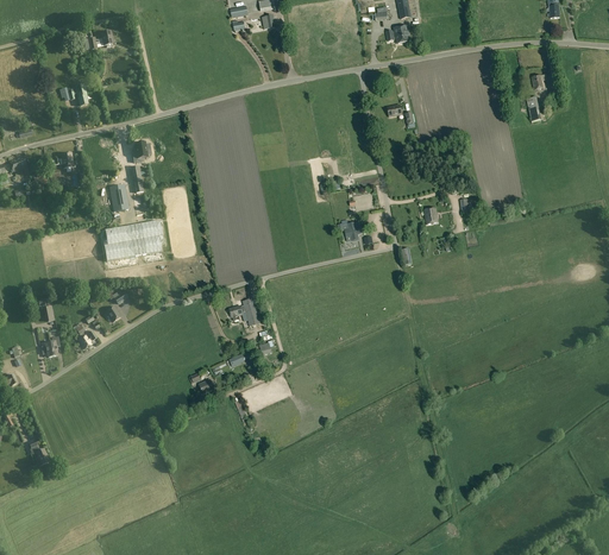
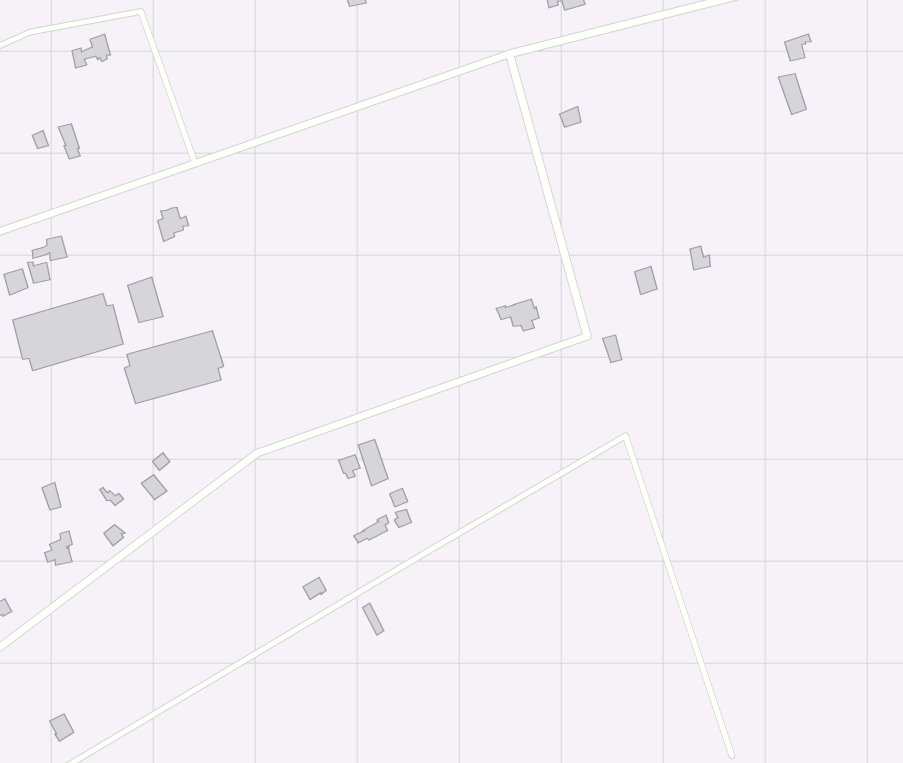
building: none -> [13,293,123,371]

